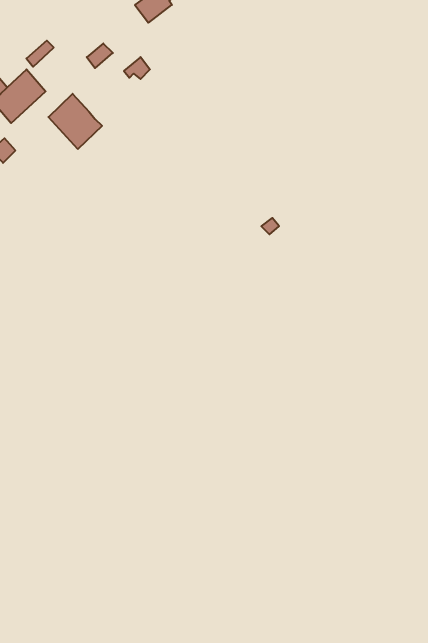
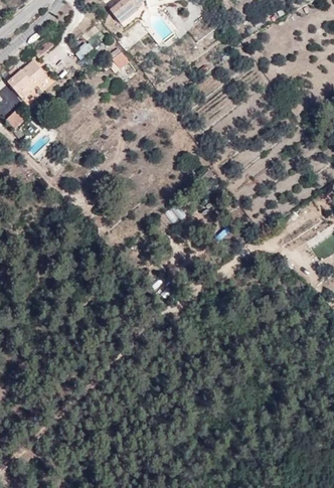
building: [48,94,102,149] -> none

